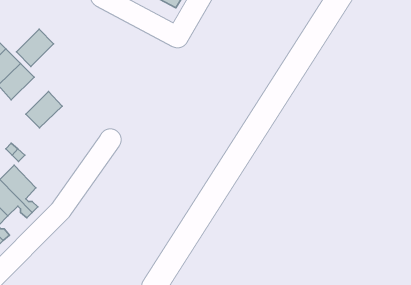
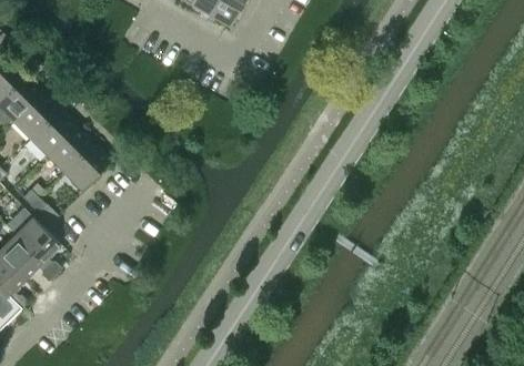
building: [16,29,54,66] -> [29,110,74,155]
building: none -> [63,145,109,190]

